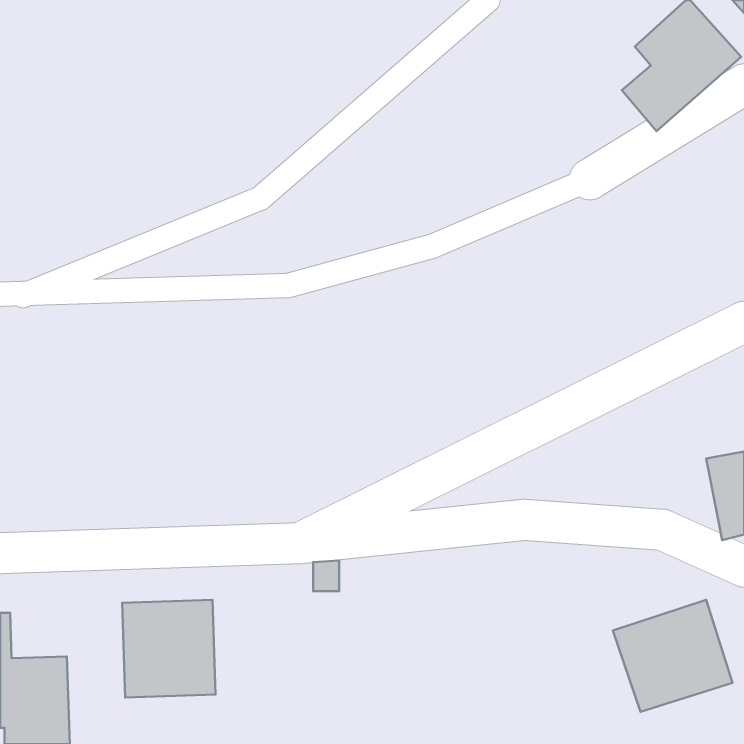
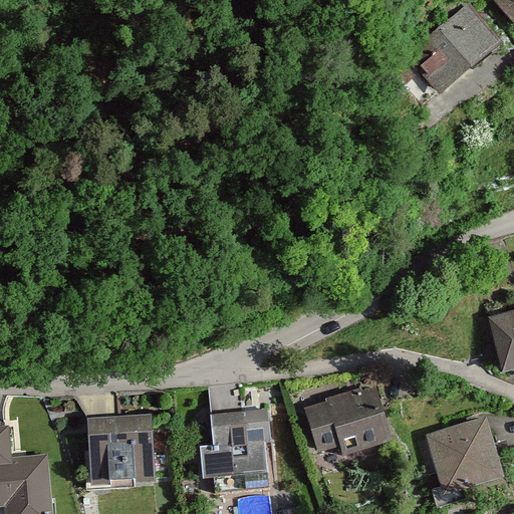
building: none -> [302,384,389,453]
building: none -> [200,411,269,496]

